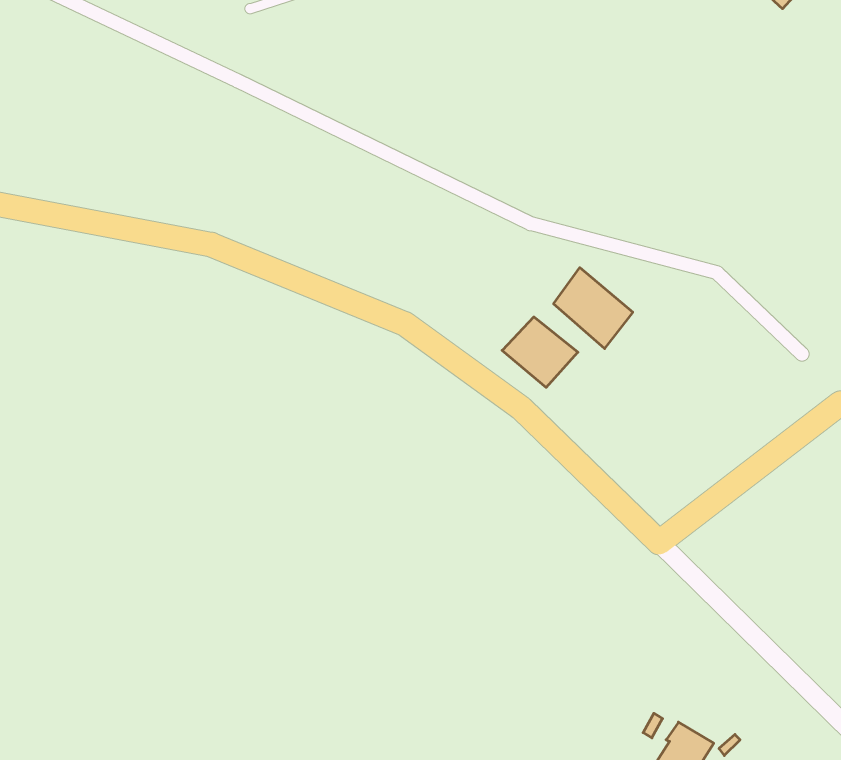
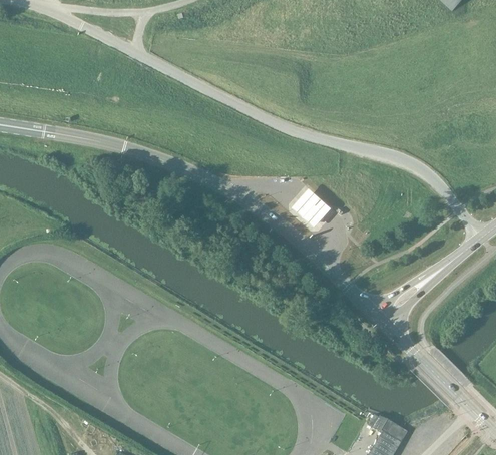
building: [554,268,633,349] -> none

